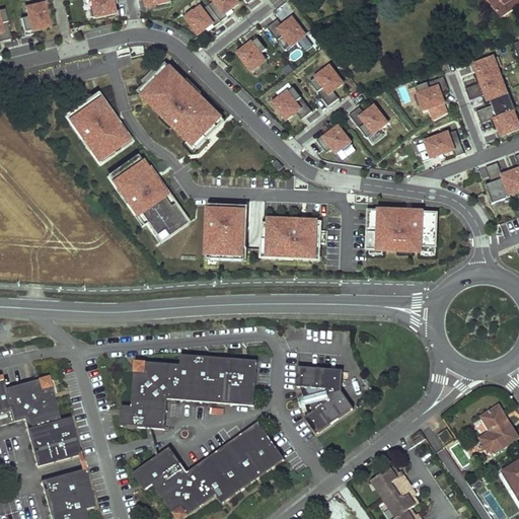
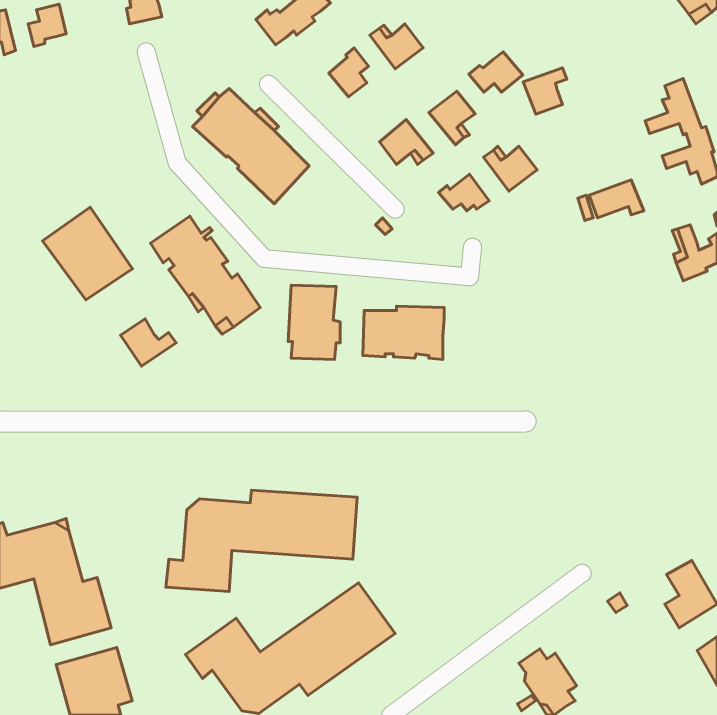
building: none -> [469,52,523,92]
building: [415,75,446,108] -> [523,68,567,114]
building: [64,95,129,162] -> [42,207,132,300]
building: [367,210,437,251] -> none
building: none -> [121,319,176,366]
building: [296,365,353,432] -> none

